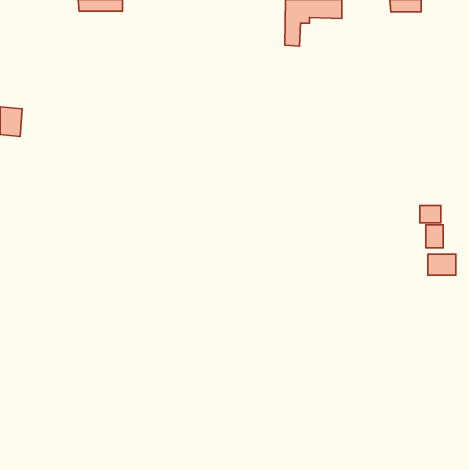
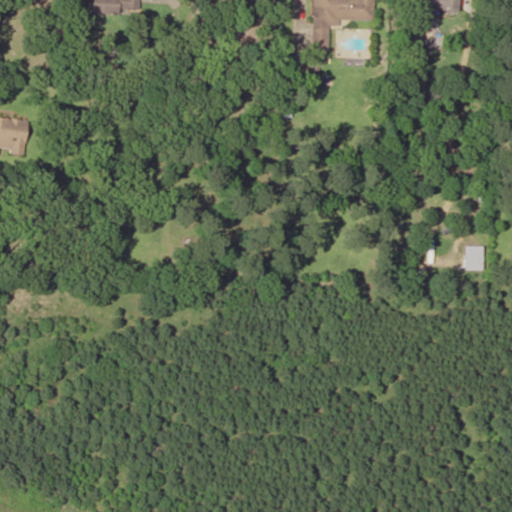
building: [420,206,441,223] -> none
building: [428,254,456,275] -> none

